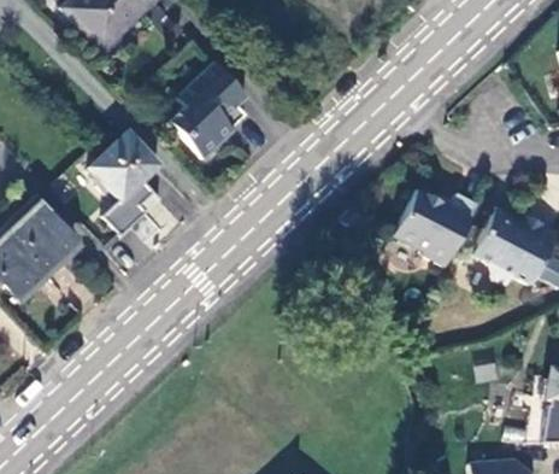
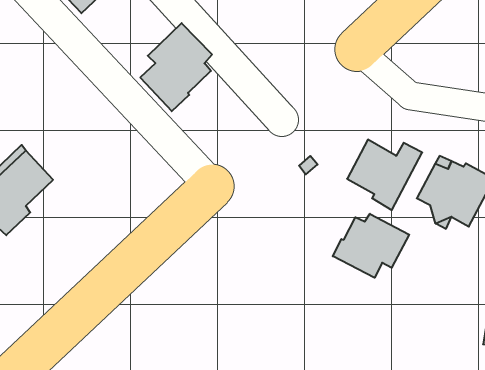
building: [90,130,159,233] -> none
building: none -> [333,214,409,278]

